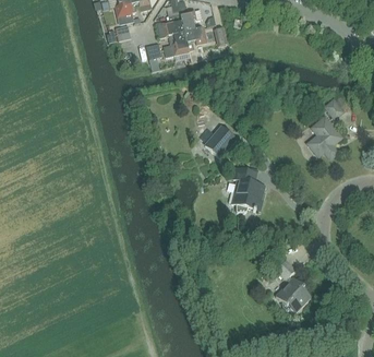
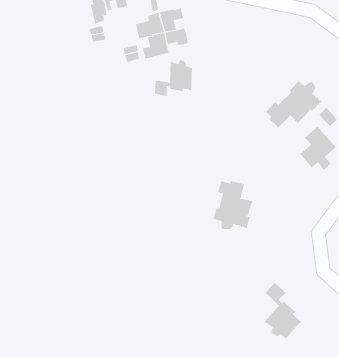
building: none -> [155,59,192,97]
building: none -> [265,81,322,128]
building: [205,124,237,156] -> none

